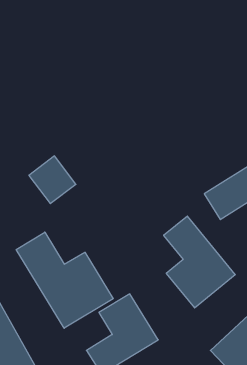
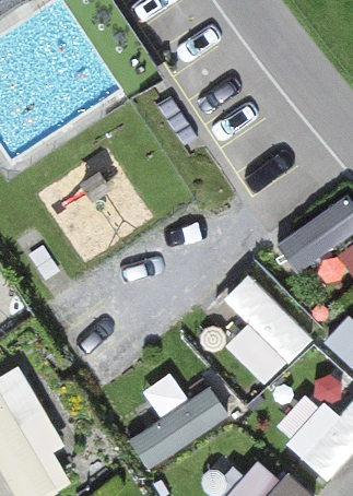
building: [16,232,113,328] -> none

